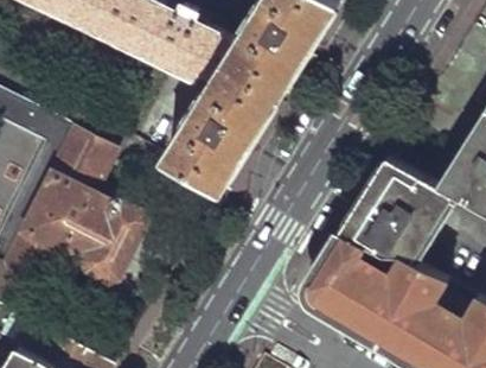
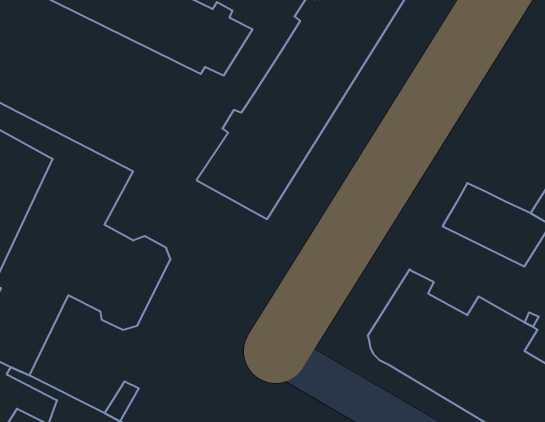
building: [187,33,237,84] -> none
building: [344,196,435,264] -> none

